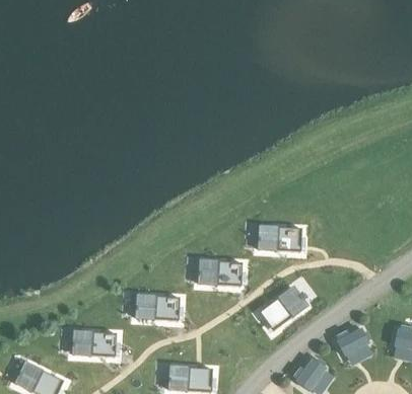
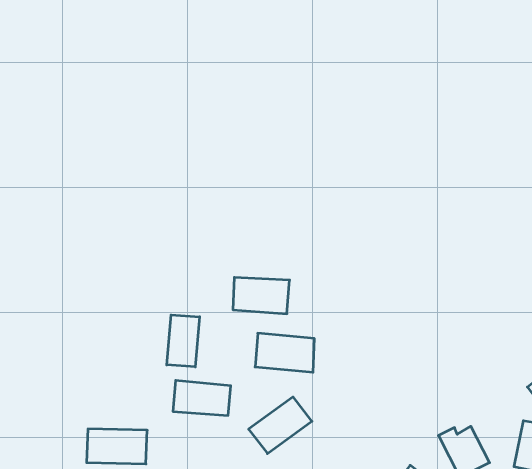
building: [259,225,301,252] -> [233,277,290,314]
building: none -> [167,315,200,367]
building: [259,287,306,329] -> [249,397,312,454]

